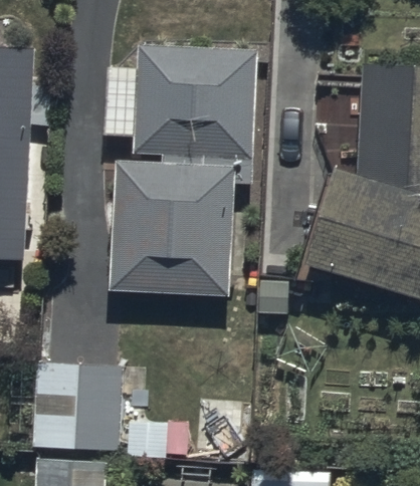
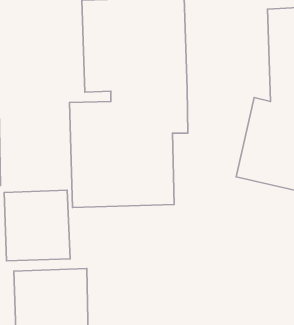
building: none -> [4,190,70,261]

